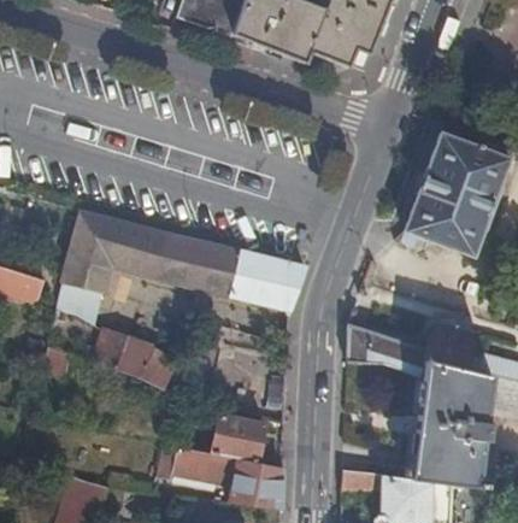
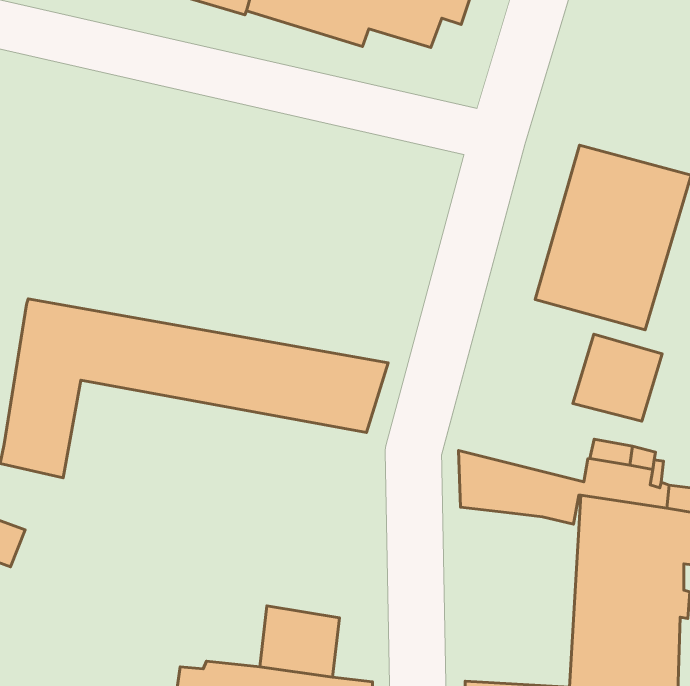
building: none -> [573,334,662,421]
building: [95,331,177,389] -> none

